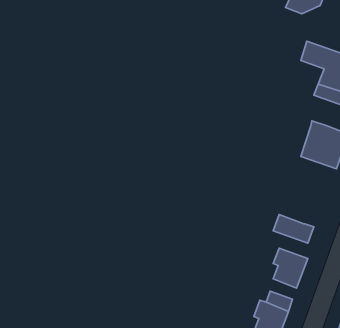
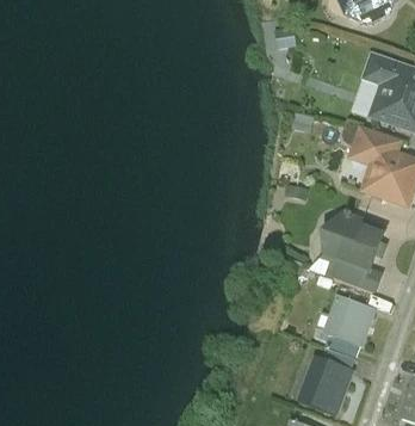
building: none -> [353,128,399,155]
building: none -> [323,214,383,270]

